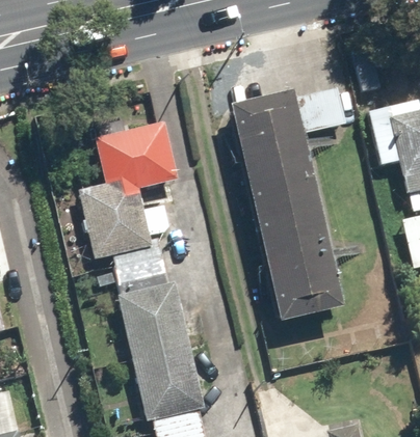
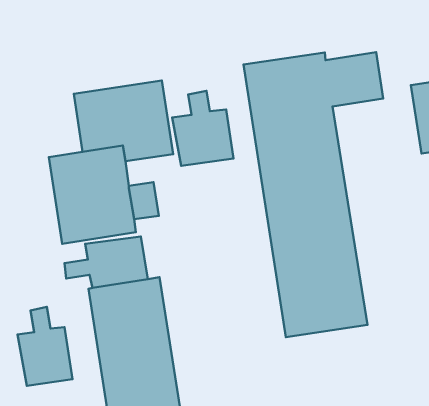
building: none -> [172,91,233,166]
building: none -> [17,307,73,386]

